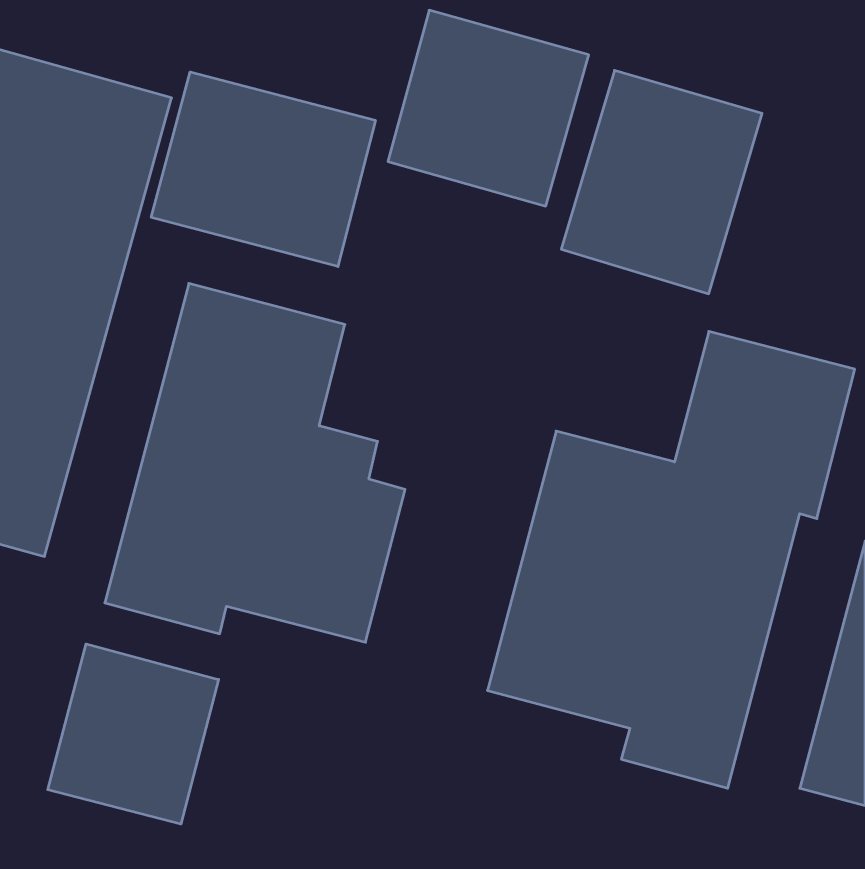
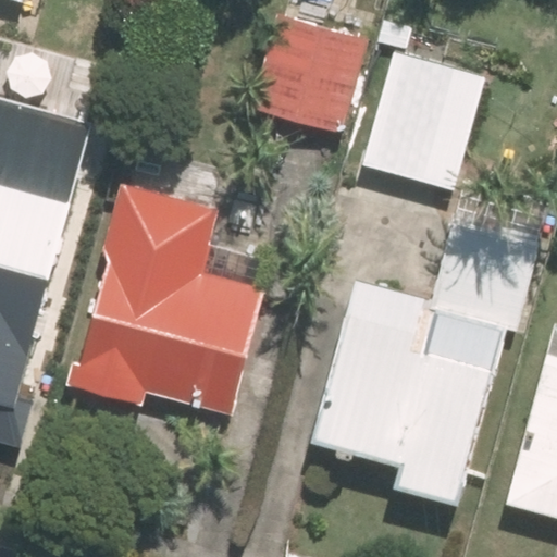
building: [151,72,375,267] -> none
building: [48,644,219,824] -> none

